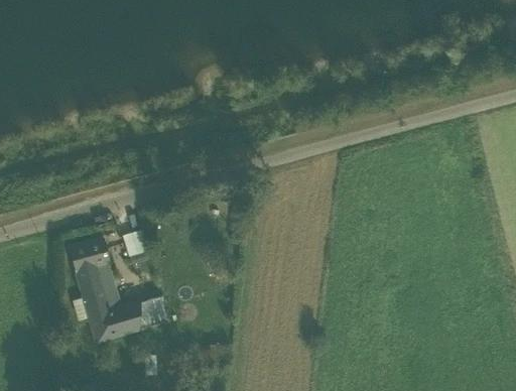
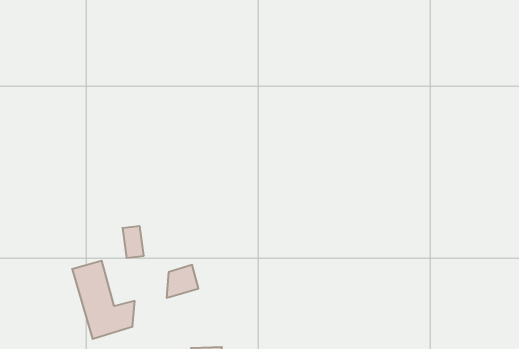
building: [68,238,109,272] -> none
building: [135,296,166,329] -> [167,265,198,298]

